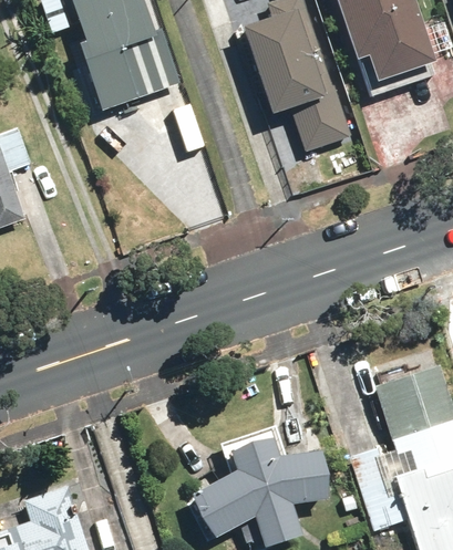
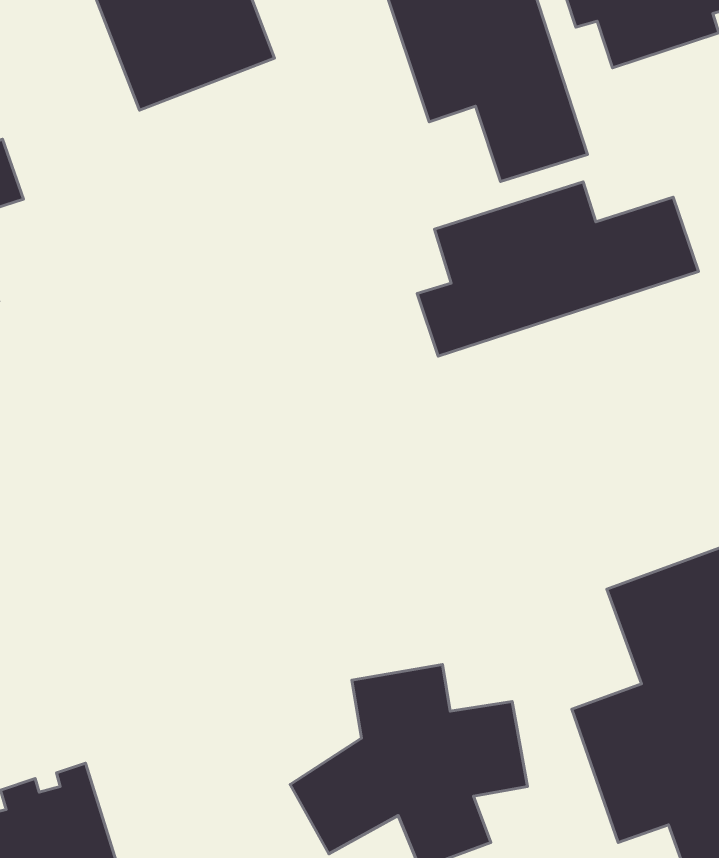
building: none -> [417,182,698,356]

